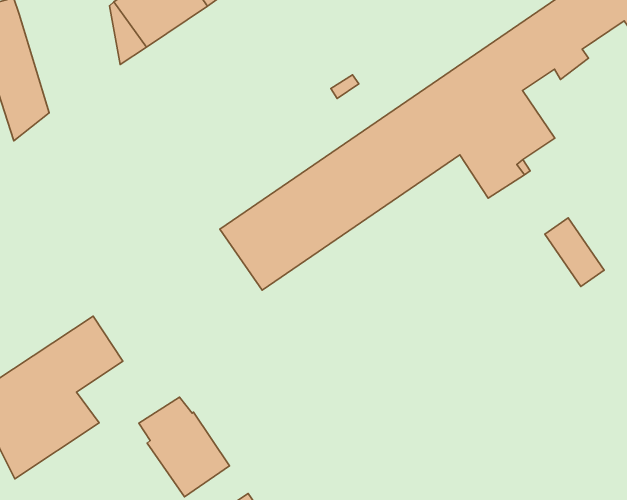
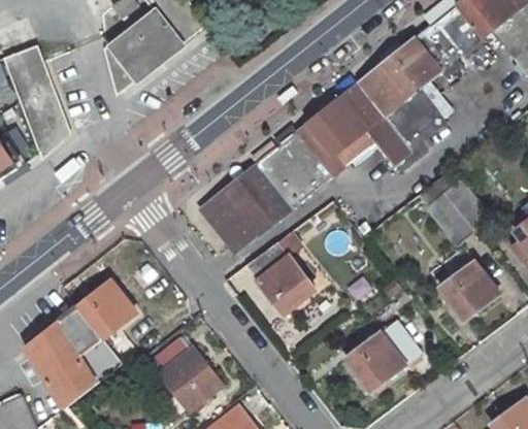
building: none -> [426,195,473,246]
building: none -> [248,241,315,314]
building: none -> [440,261,498,320]
building: none -> [345,321,419,391]

